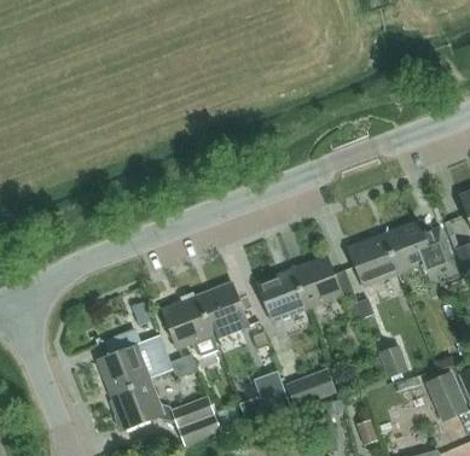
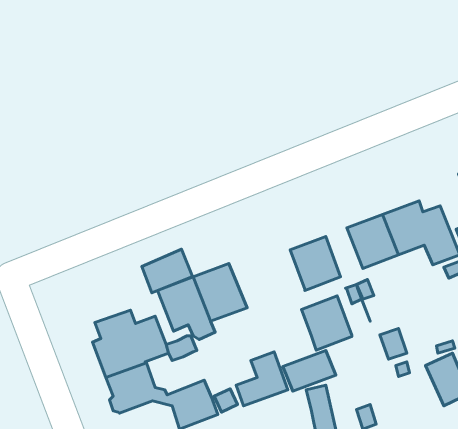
building: none -> [142,249,192,293]
building: [257,269,307,322] -> [301,296,352,350]

